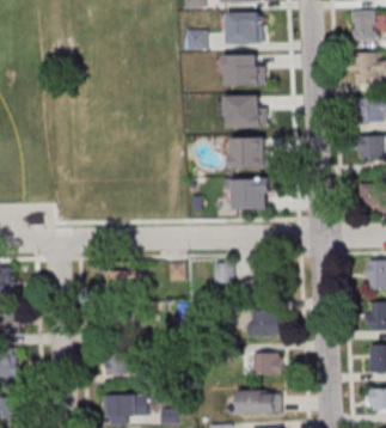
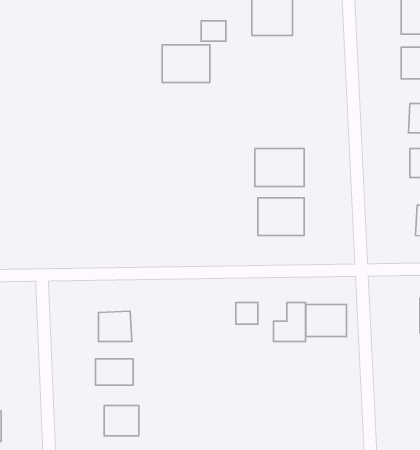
building: [222,55,262,86] -> [162,45,210,82]
building: [225,96,264,127] -> none
building: [246,311,280,337] -> [306,305,346,336]
building: [251,354,281,374] -> none

